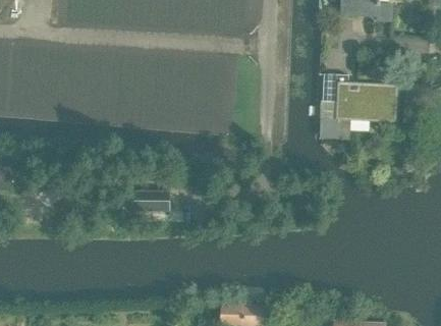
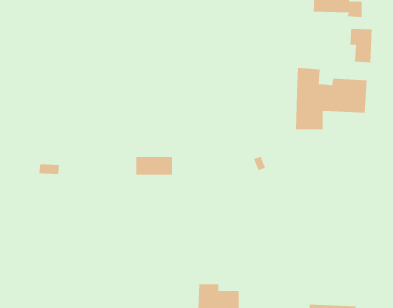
building: none -> [350,28,372,63]
building: [131,192,170,211] -> [136,157,173,175]

